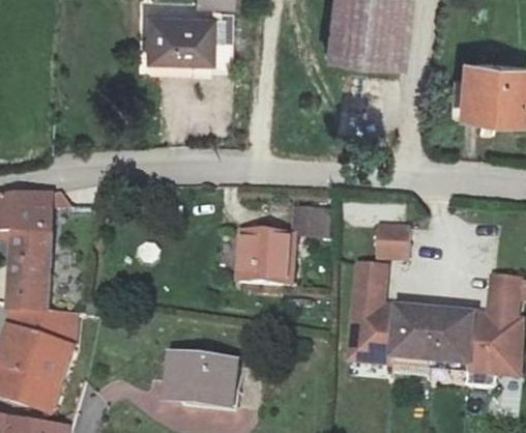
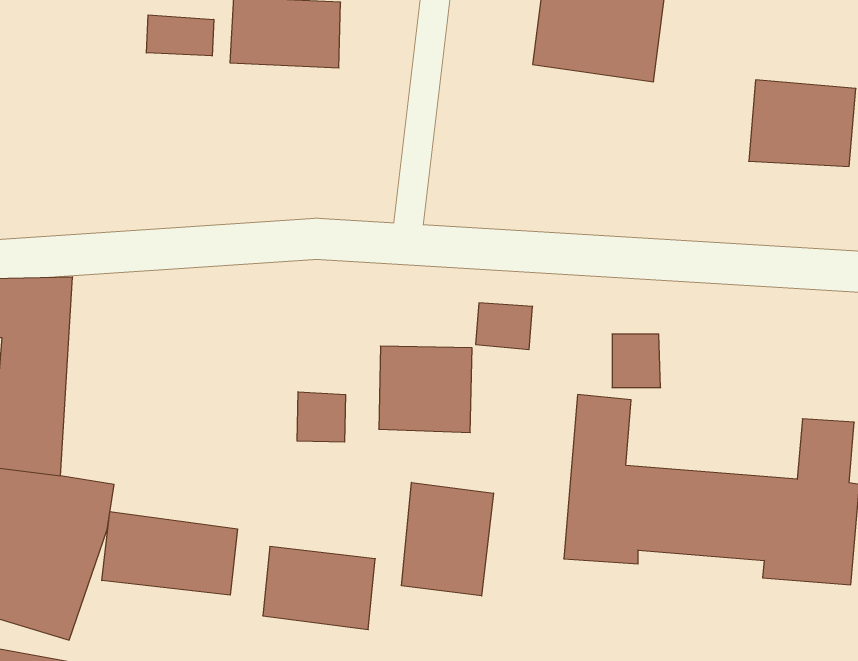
building: none -> [146,15,214,56]
building: none -> [297,392,346,442]
building: none -> [402,482,493,596]
building: none -> [102,511,237,595]

